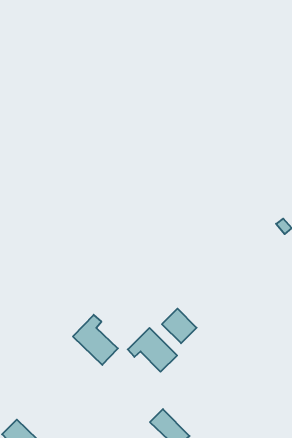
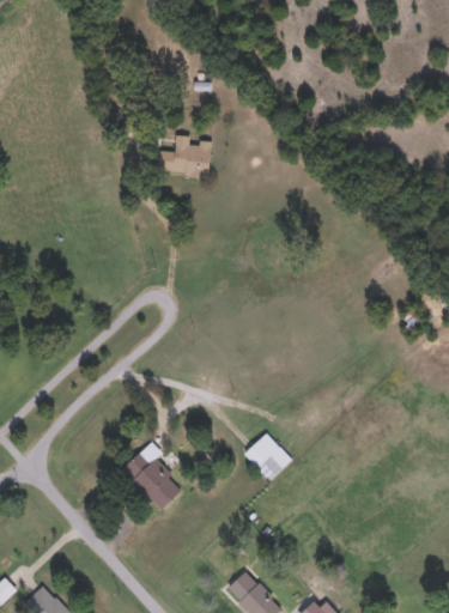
building: none -> [158,142,208,175]
building: [128,328,177,372] -> none

